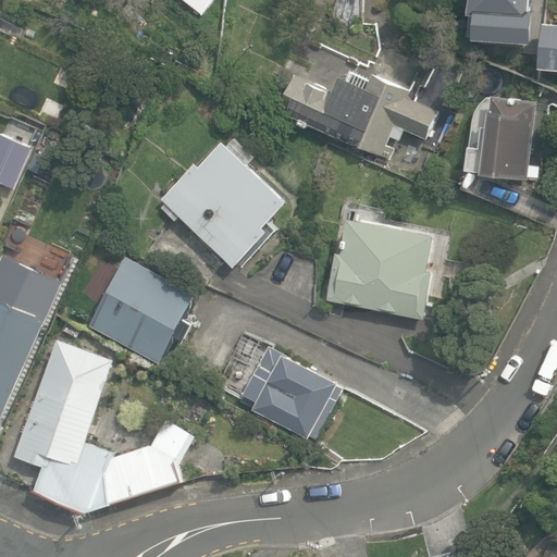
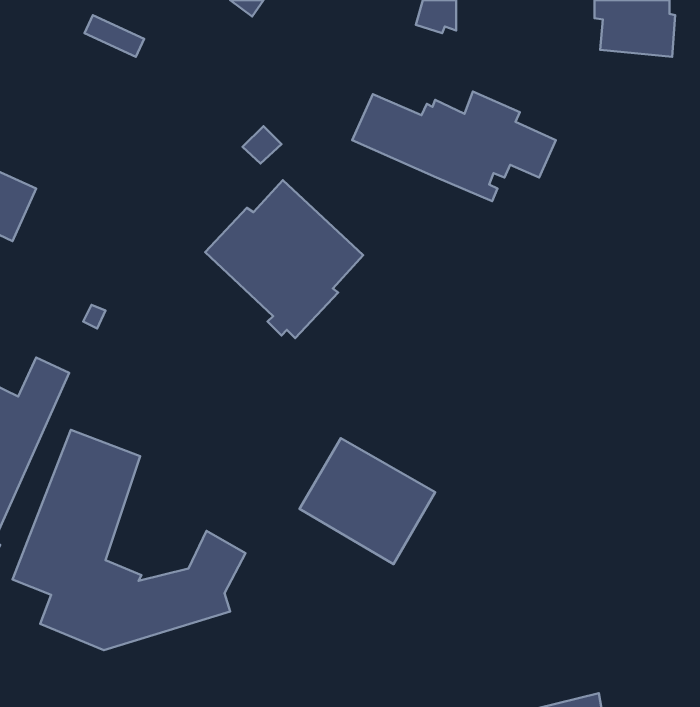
building: [466,97,533,180] -> none
building: [326,218,433,319] -> none
building: [87,255,196,363] -> none

